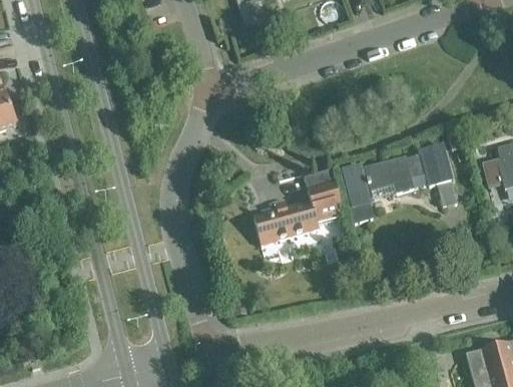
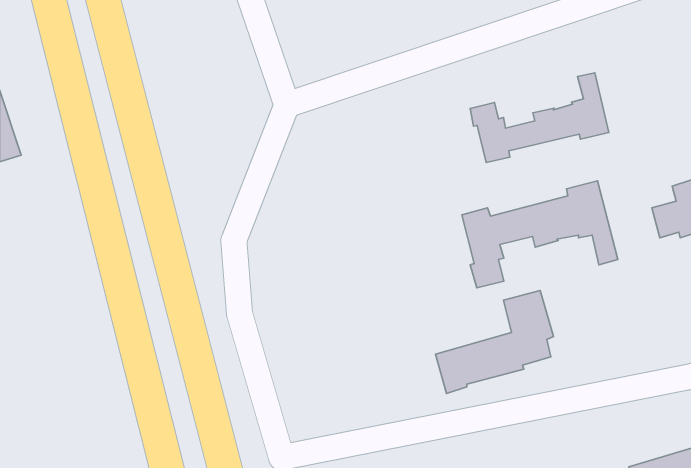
building: none -> [470,73,609,163]
building: [254,167,342,244] -> [436,291,554,394]

